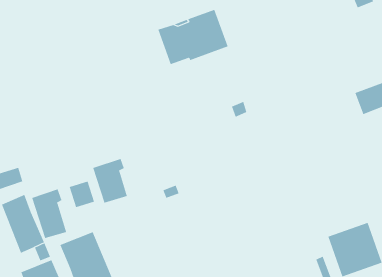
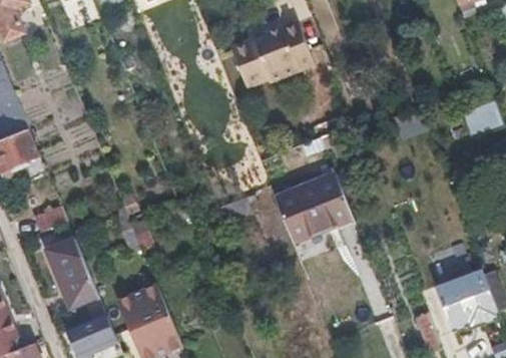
building: none -> [275,175,355,251]
building: [93,158,127,204] -> none
building: [32,188,67,239] -> none

